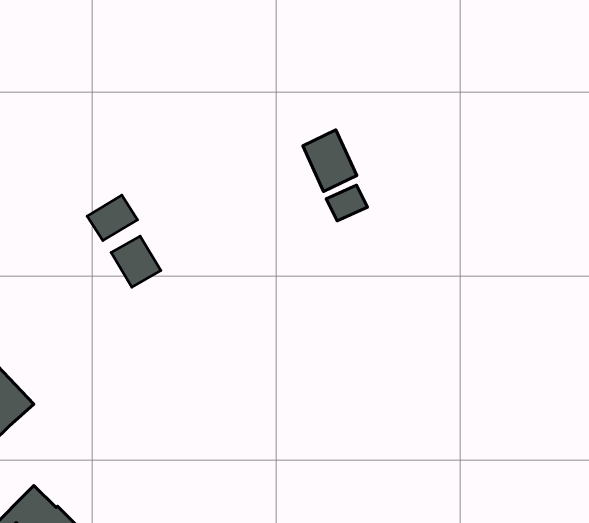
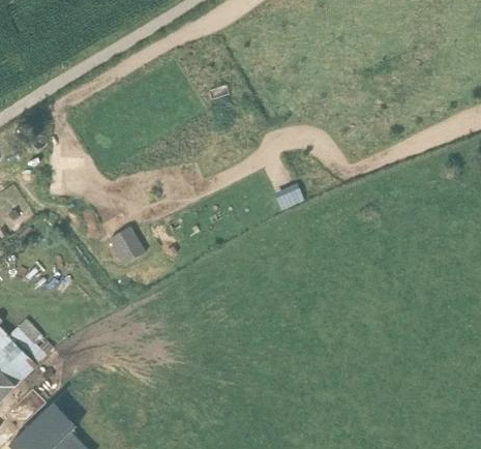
building: [303,130,357,191] -> none
building: [87,195,137,241] -> none

